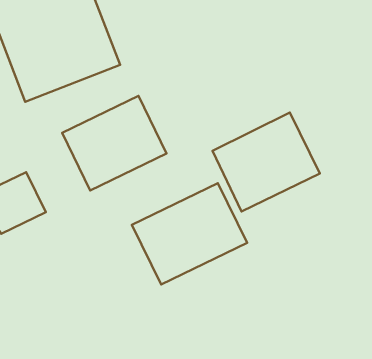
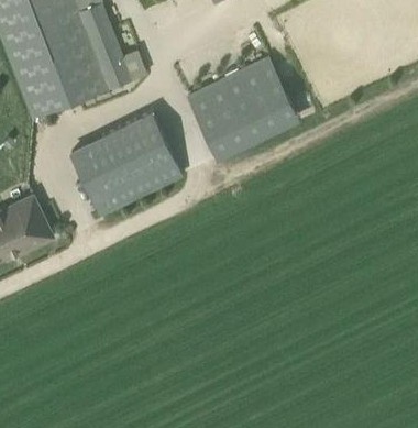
building: [213,113,320,212] -> [186,56,300,162]
building: [132,183,247,285] -> none

